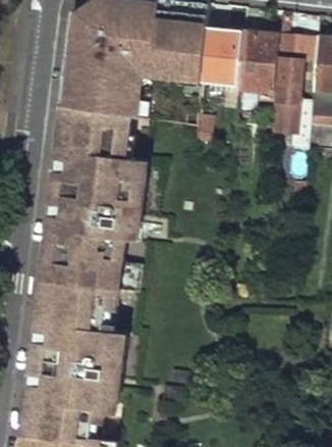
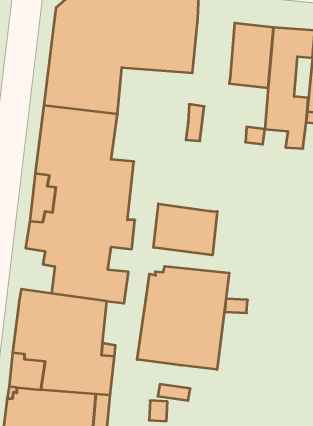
building: [202,26,241,81] -> none
building: none -> [154,204,217,255]
building: [41,242,72,285] -> none
building: none -> [137,266,229,370]

